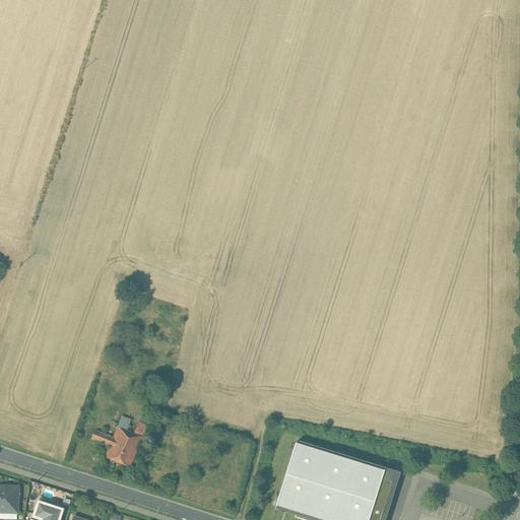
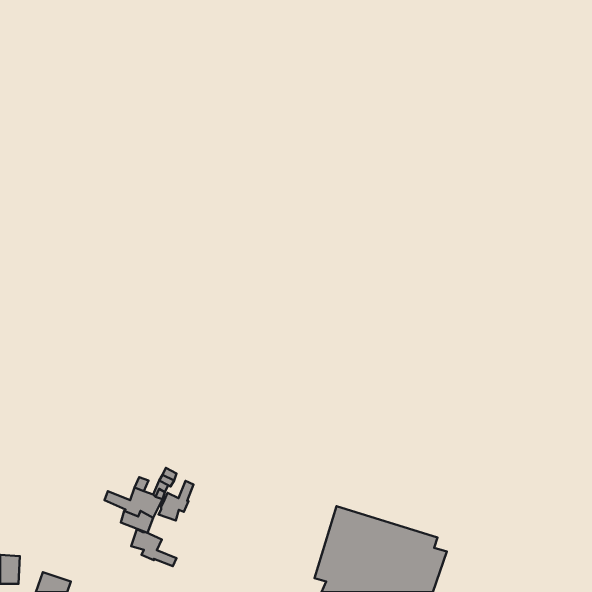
building: none -> [159,481,193,521]
building: none -> [131,529,176,566]

